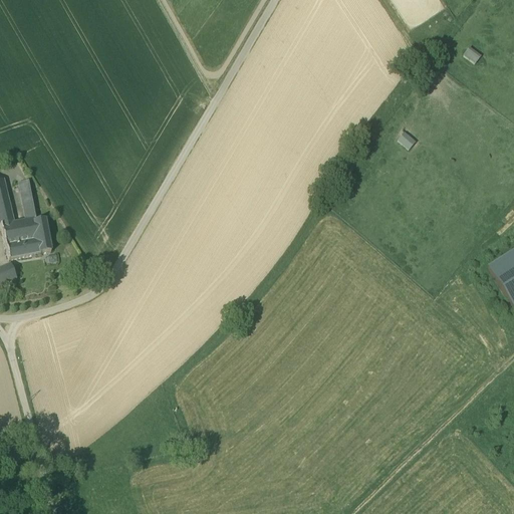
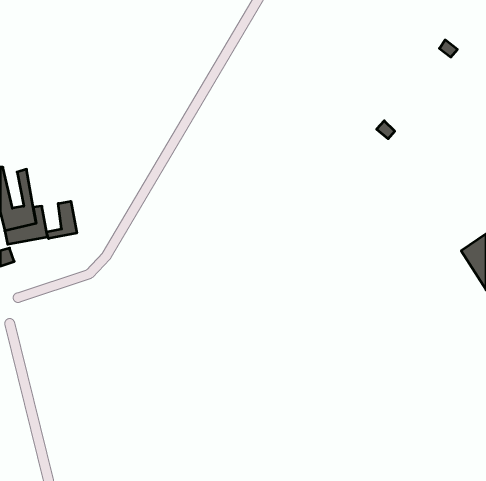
building: none -> [47,201,77,239]

